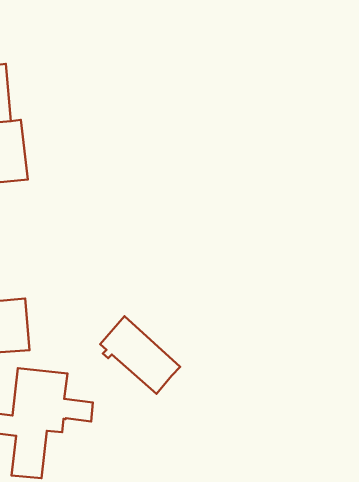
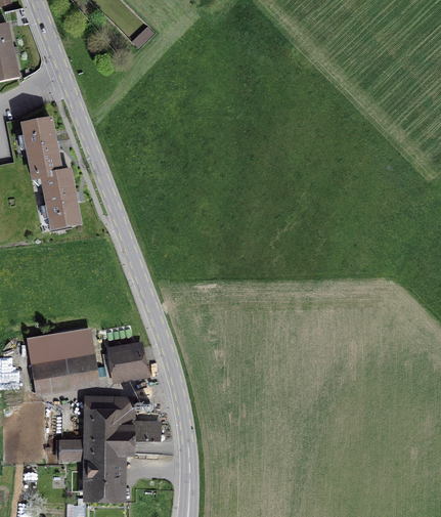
building: [100,316,180,394] -> none
building: none -> [102,347,143,376]

